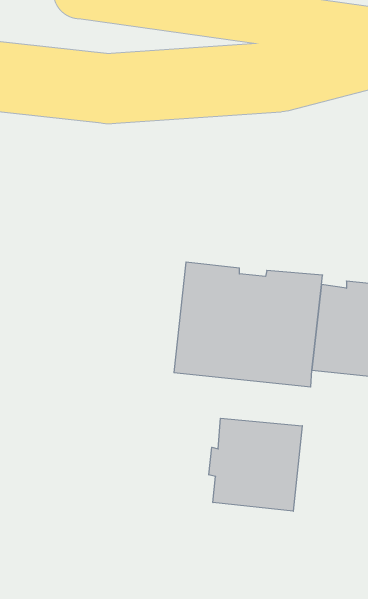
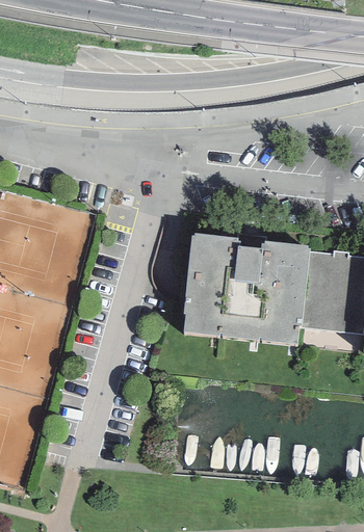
building: [209,418,302,511] -> none

